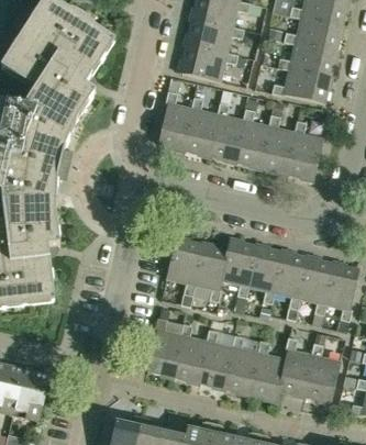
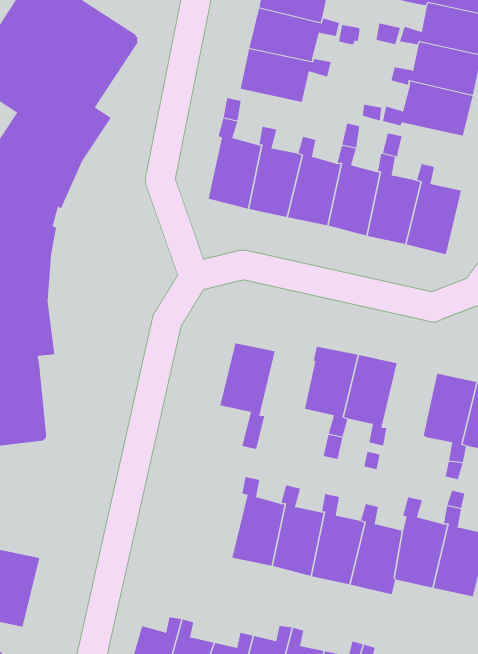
building: [192,242,228,301] -> none
building: [271,249,307,320] -> none
building: [147,316,184,376] -> none

